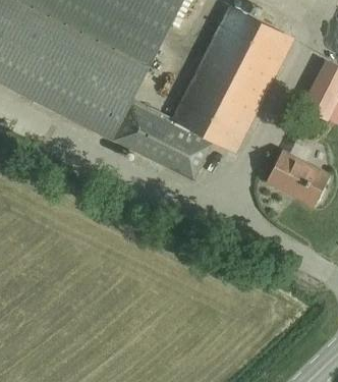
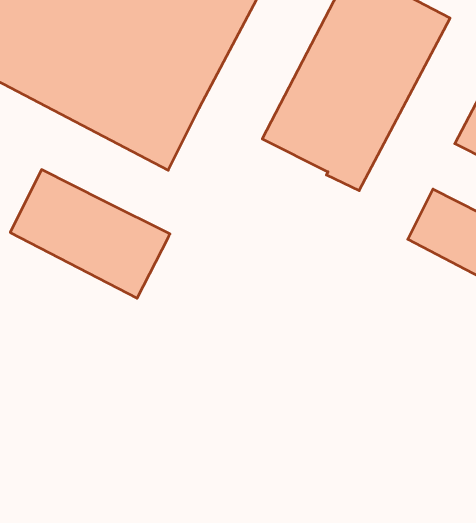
building: [110,97,214,180] -> [10,170,170,298]

